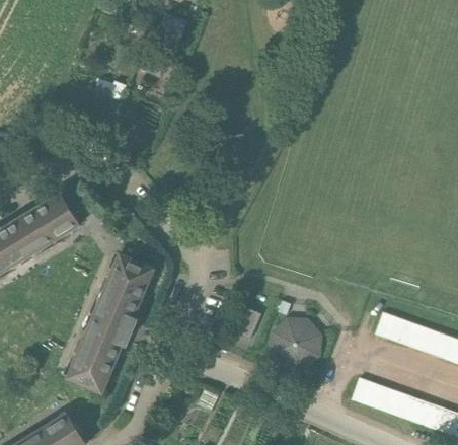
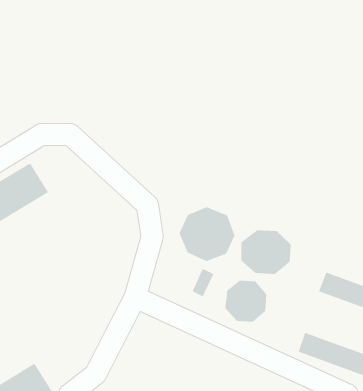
building: none -> [179,206,235,262]
building: [66,253,153,392] -> none
building: none -> [241,229,291,275]

